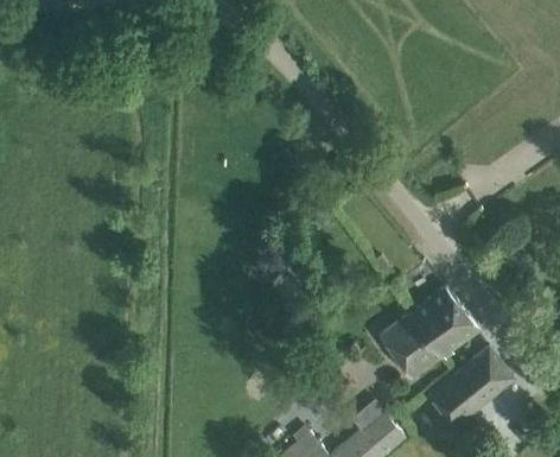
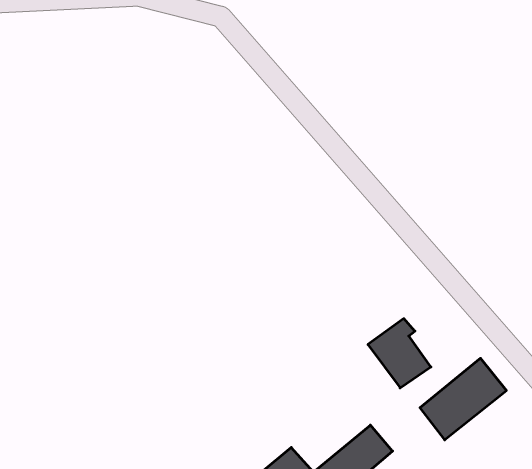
building: [415,286,481,355] -> none

